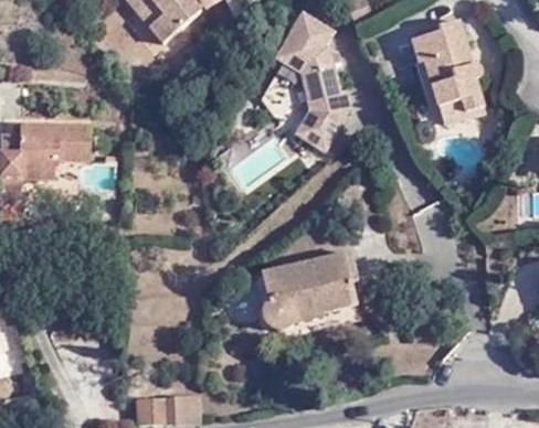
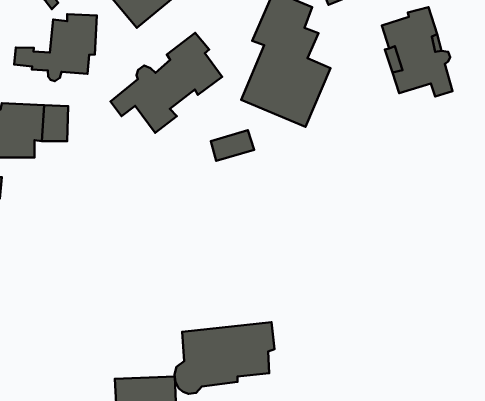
building: none -> [14,14,97,81]
building: none -> [110,33,222,133]
building: [262,255,363,328] -> [174,322,275,394]

